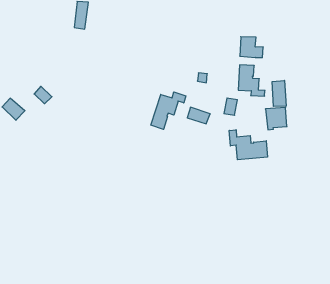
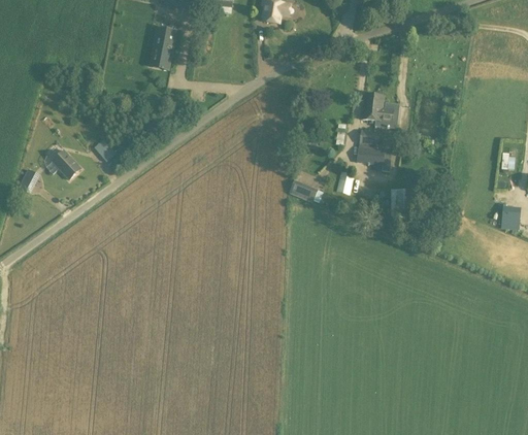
building: [272,80,286,106] -> none
building: [151,92,186,129] -> none
building: [229,130,267,160] -> none

